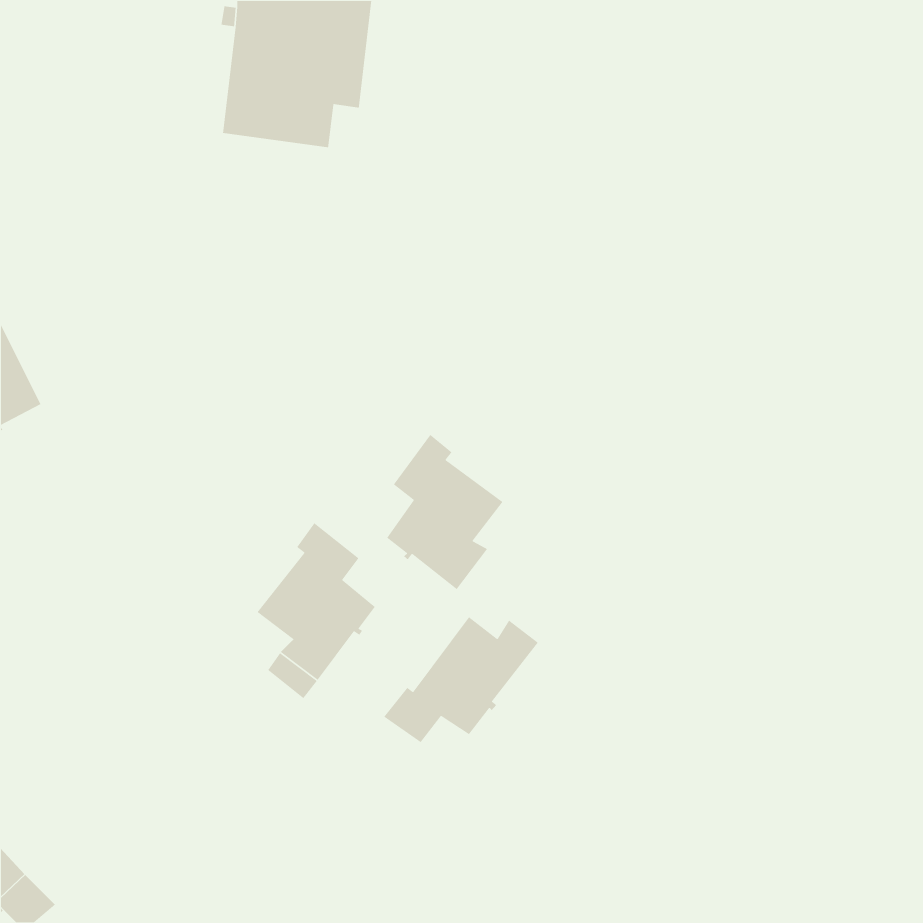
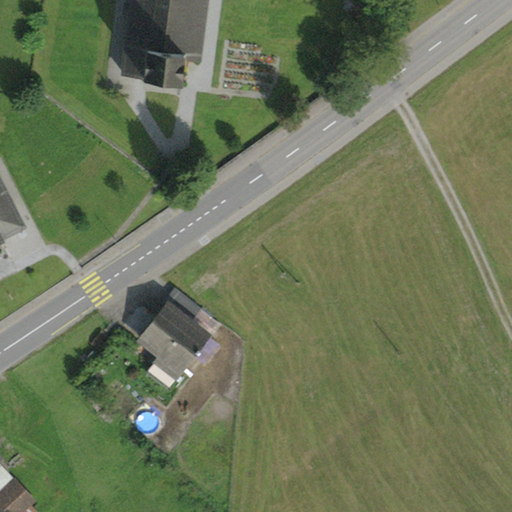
building: [386,434,504,590] -> none
building: [383,616,539,743] -> none

